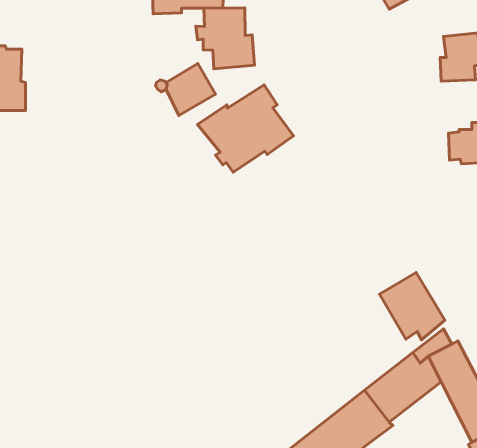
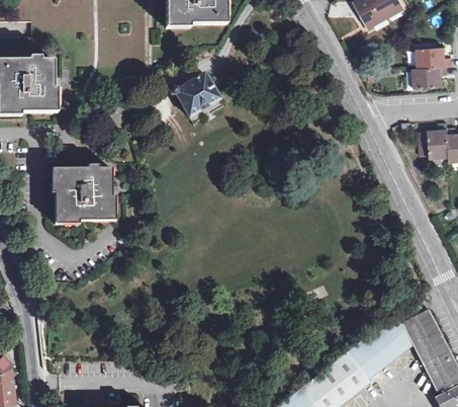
building: [196,8,254,69] -> none
building: [198,85,294,172] -> none
building: none -> [53,164,116,225]
building: [379,272,445,340] -> none

